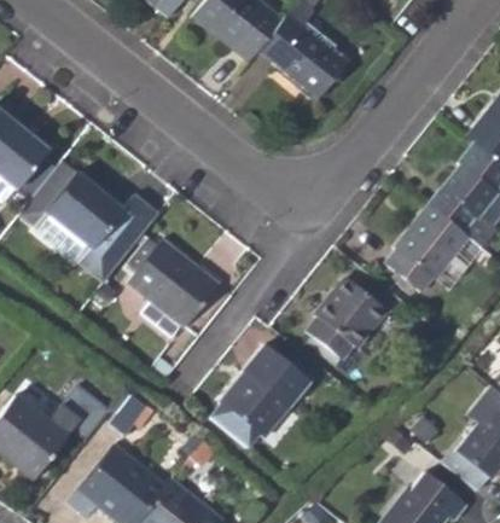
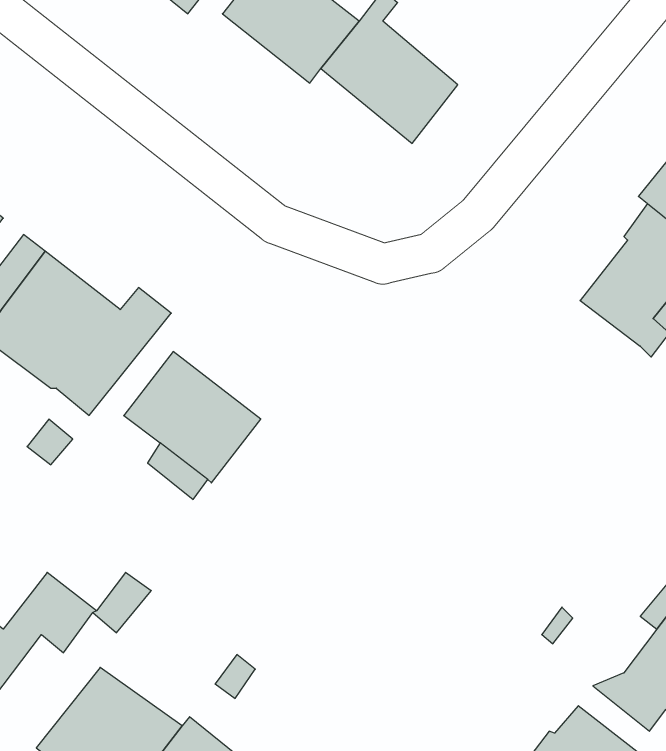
building: [388,204,469,291] -> none
building: [308,277,385,359] -> none
building: [217,343,310,441] -> none

